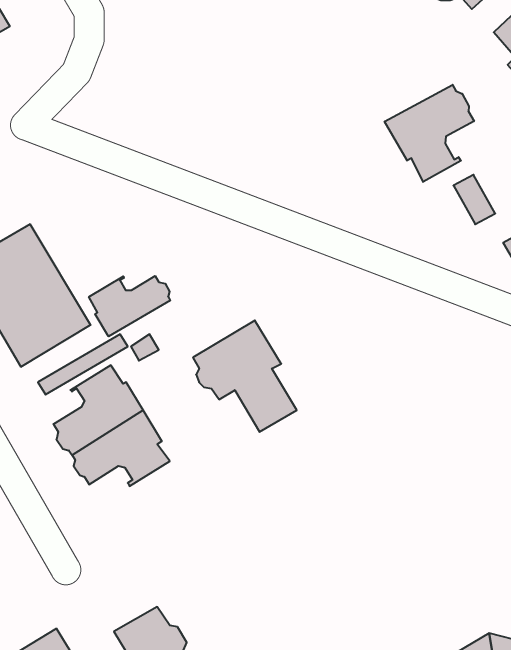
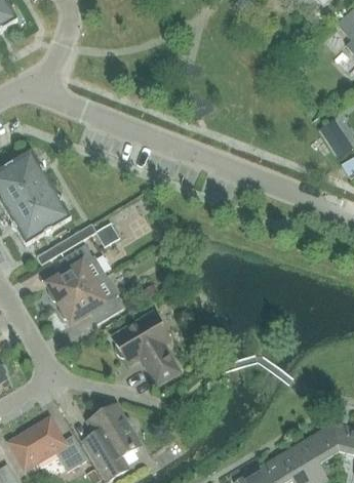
building: [385,85,474,182] -> none
building: [89,276,170,336] -> none
building: [193,320,297,432] -> [111,312,180,386]

